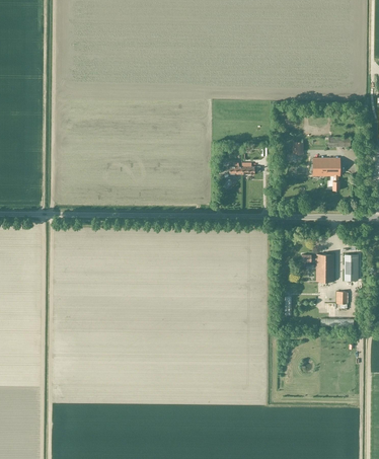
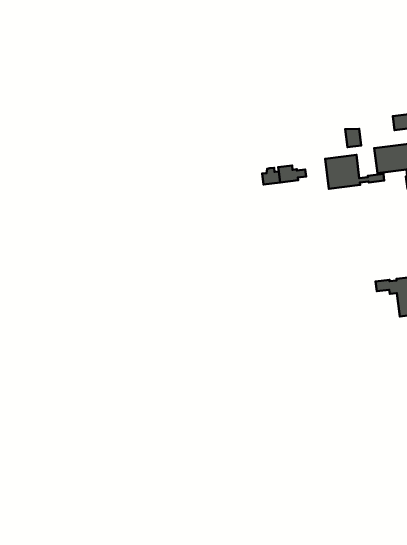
building: none -> [325,155,384,189]

